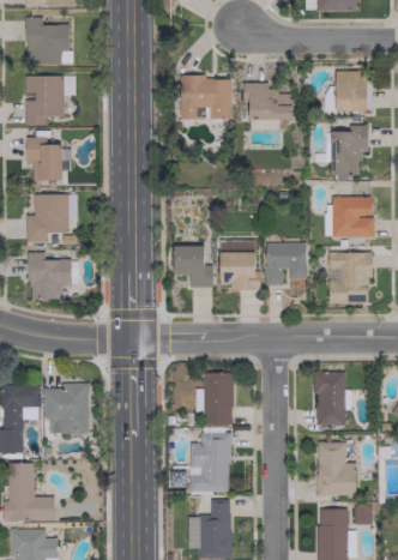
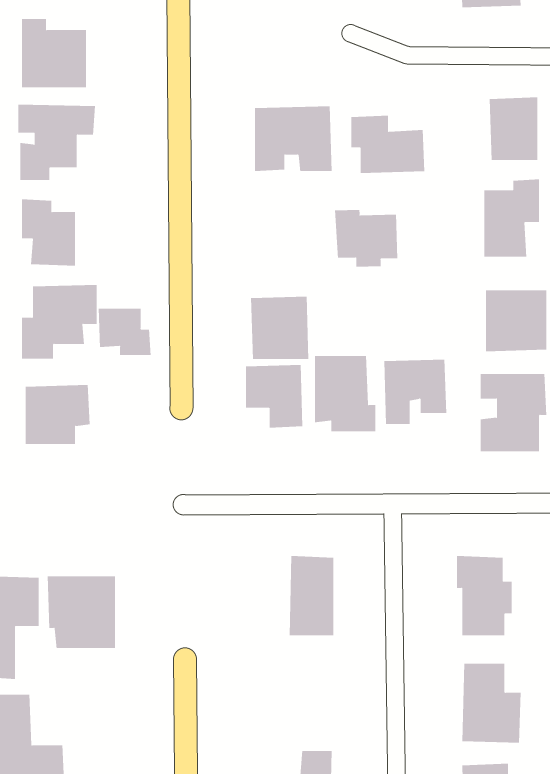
building: none -> [335,209,398,267]
building: none -> [251,296,309,360]
building: none -> [98,308,151,356]
building: [189,432,230,492] -> none

